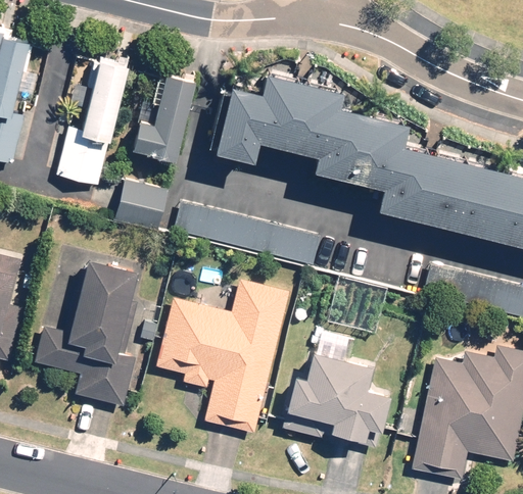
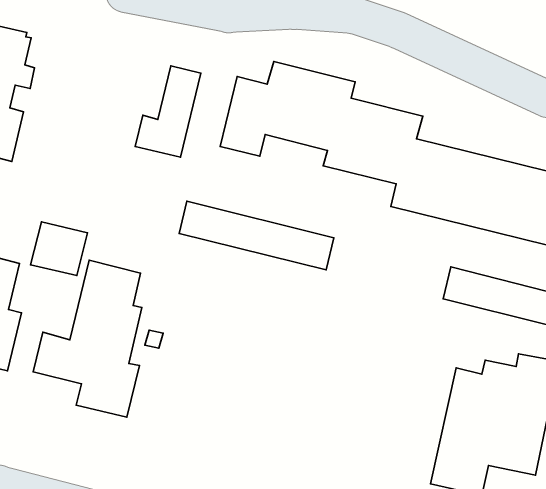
building: [57,61,126,188] -> none
building: [113,183,168,234] -> [31,222,88,276]
building: [156,282,288,436] -> none
building: [285,335,388,442] -> none

